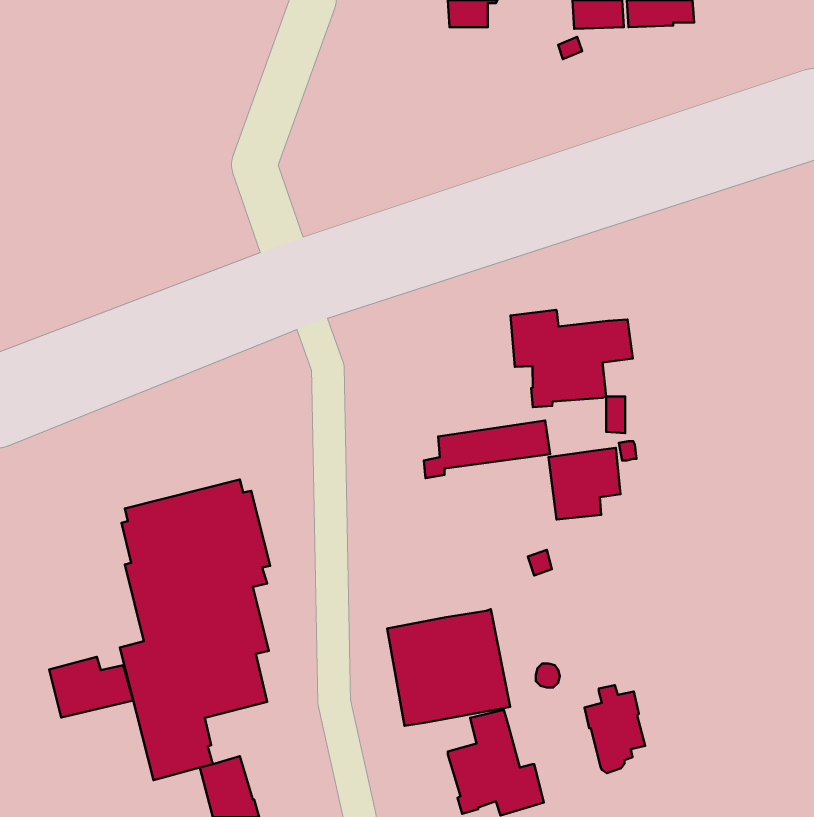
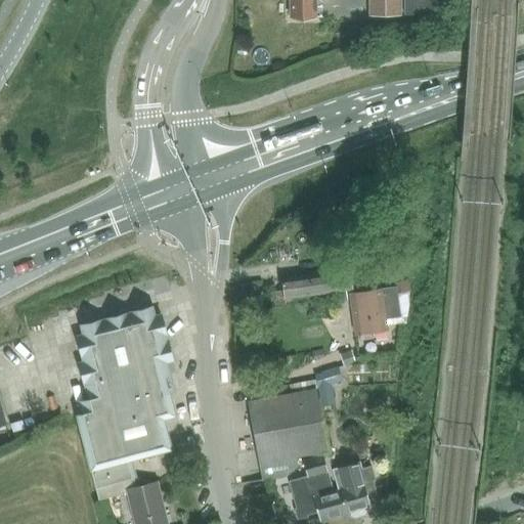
building: [511,310,633,407] -> none
building: none -> [312,368,339,405]
building: [49,657,133,718] -> none
building: [584,685,645,773] -> [338,462,377,518]

